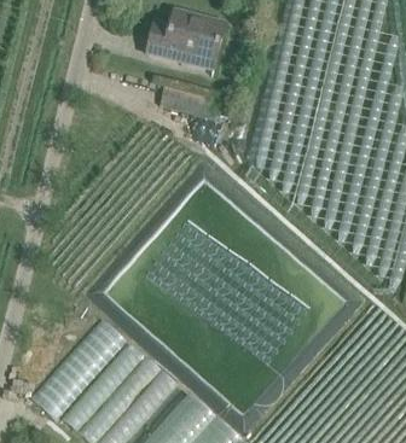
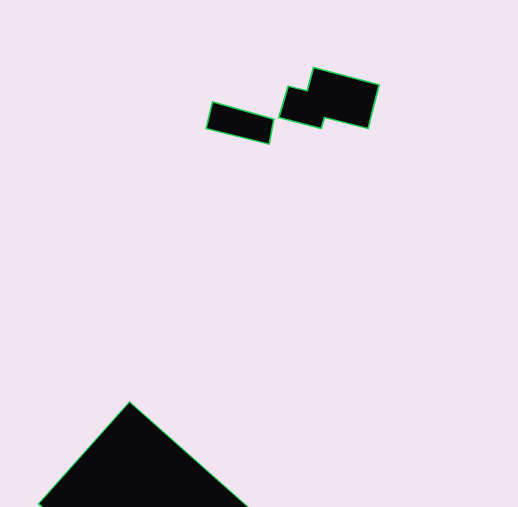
building: [147,17,225,64] -> [279,67,379,129]

